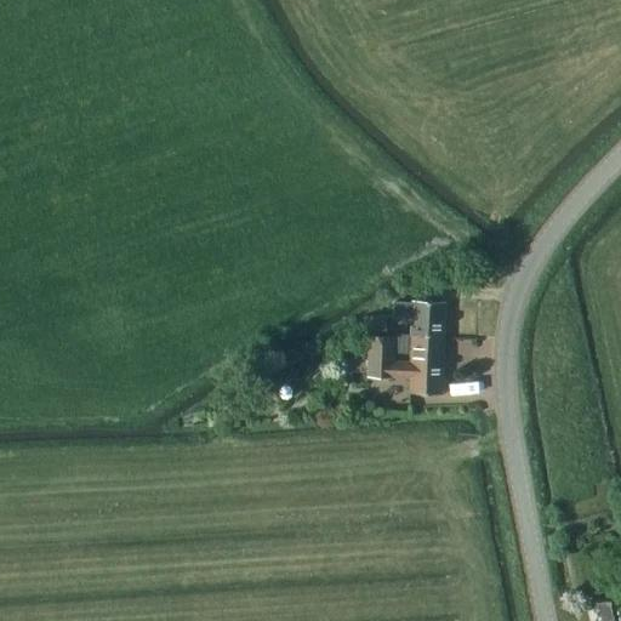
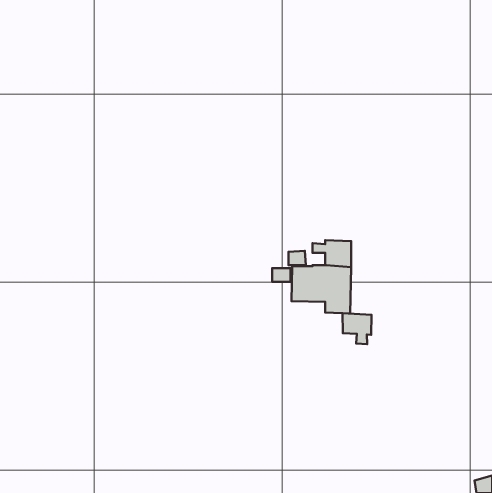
building: none -> [342,313,372,344]

